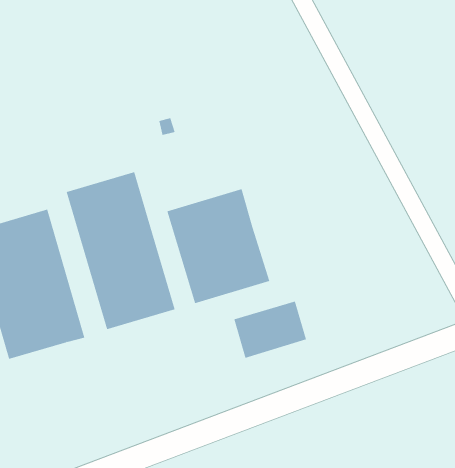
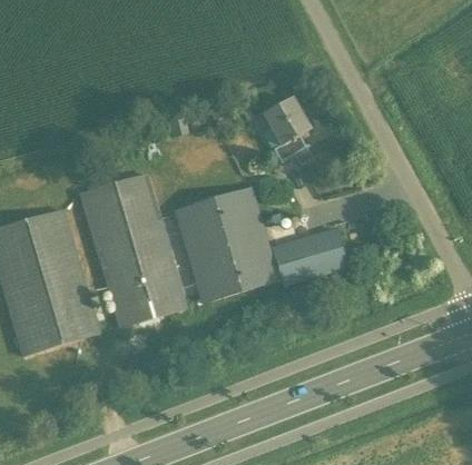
building: none -> [264,98,327,180]
building: [233,301,307,359] -> [275,228,347,285]

